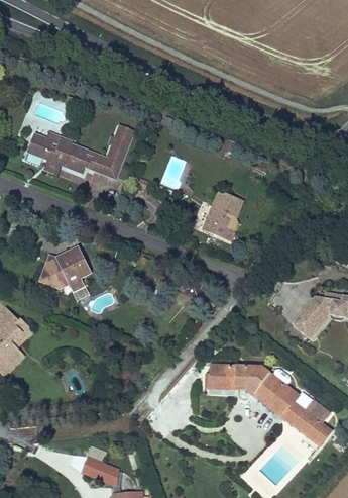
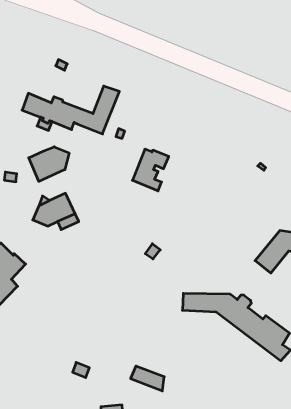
building: none -> [29,147,69,181]
building: [202,197,243,244] -> [132,149,169,191]
building: [79,457,117,485] -> [131,366,164,391]

